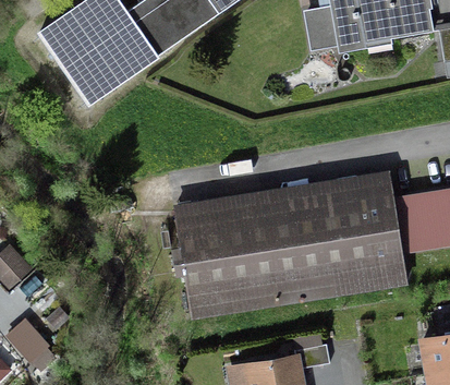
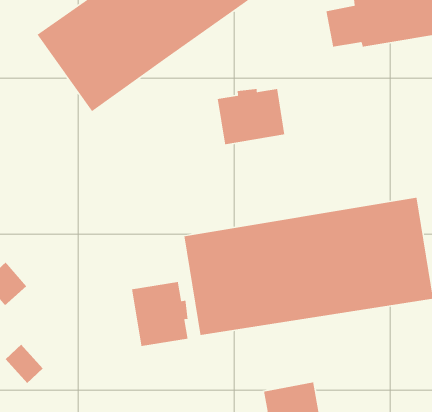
building: none -> [217,88,285,145]
building: none -> [131,281,189,347]

